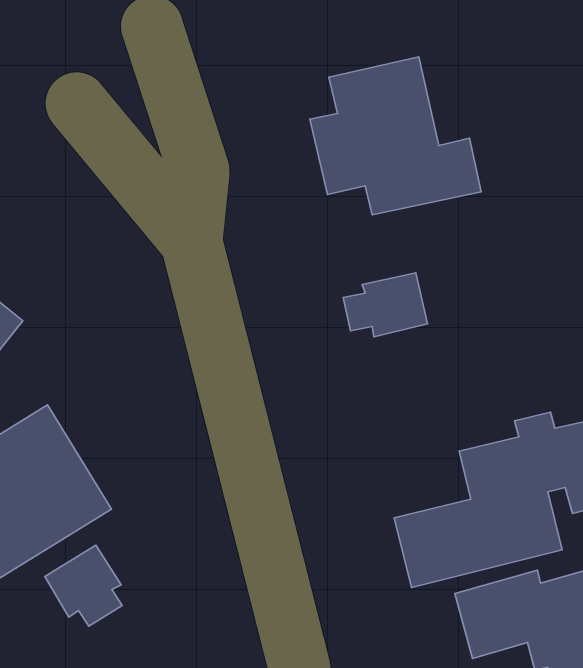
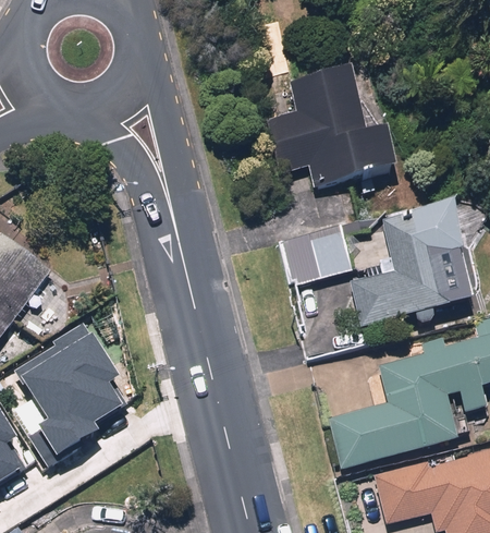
building: none -> [354,205,463,327]
building: [45,545,122,626] -> none

